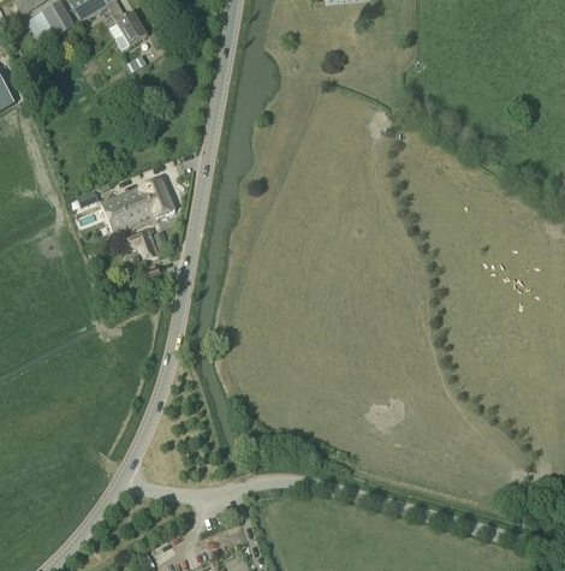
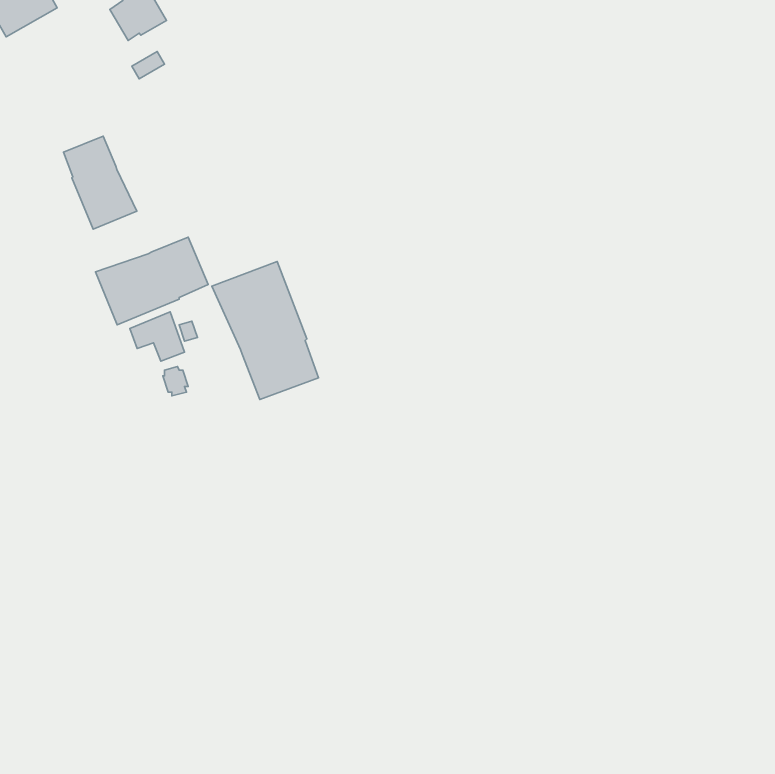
building: none -> [63,136,137,229]
building: none -> [212,261,319,400]

